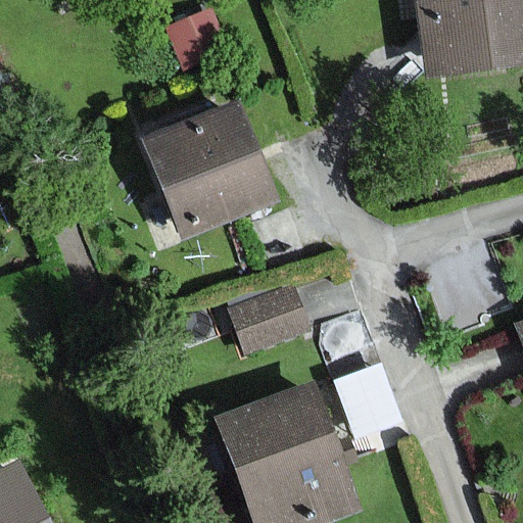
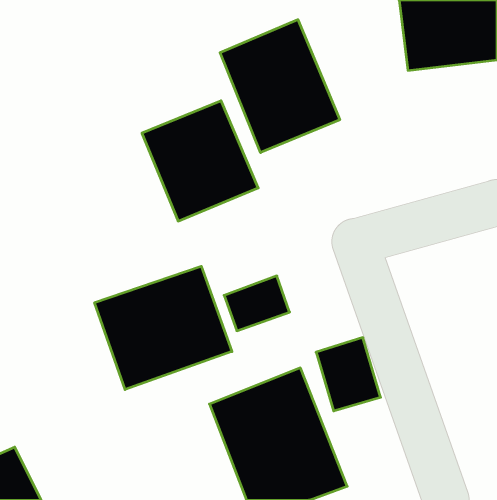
building: none -> [220,20,340,153]
building: none -> [95,266,232,390]

